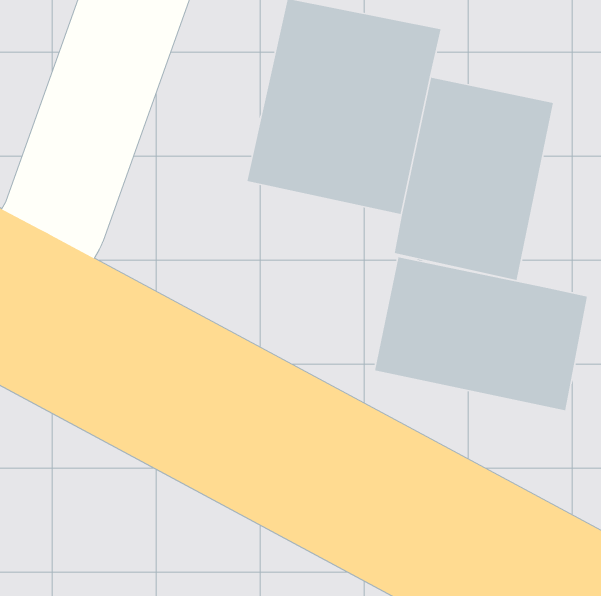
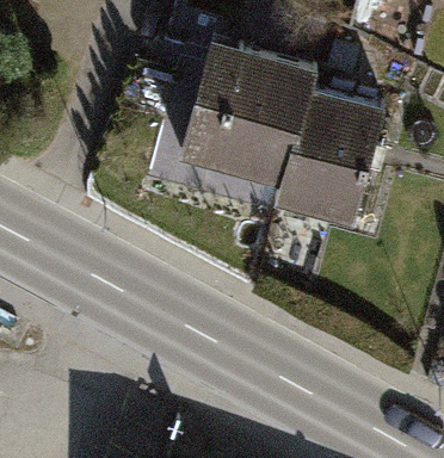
building: [374,257,588,411] -> none

